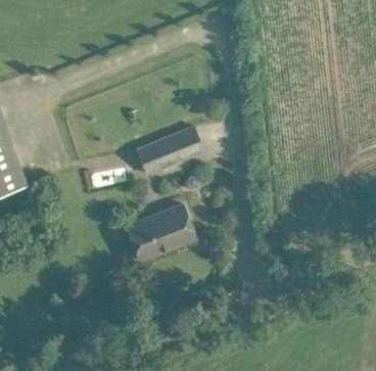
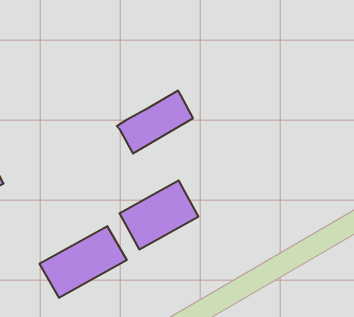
building: none -> [40,226,127,298]

